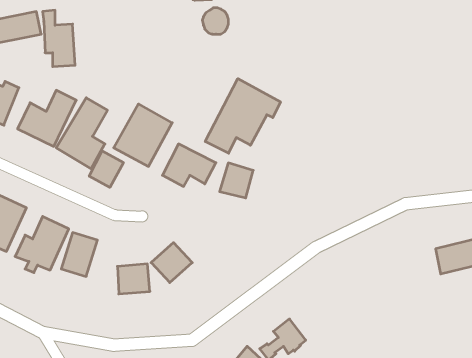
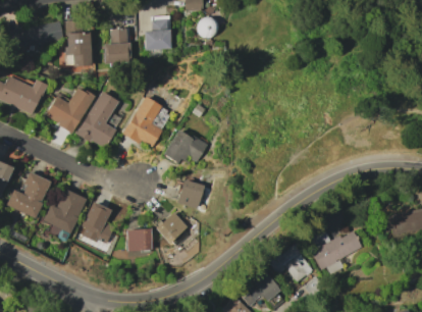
building: none -> [148,16,174,52]
building: none -> [104,29,130,63]
building: [205,79,280,153] -> none
building: [89,151,123,187] -> none
building: [220,163,253,198] -> [176,179,204,208]
building: none -> [311,229,362,274]
building: none -> [268,242,313,281]

